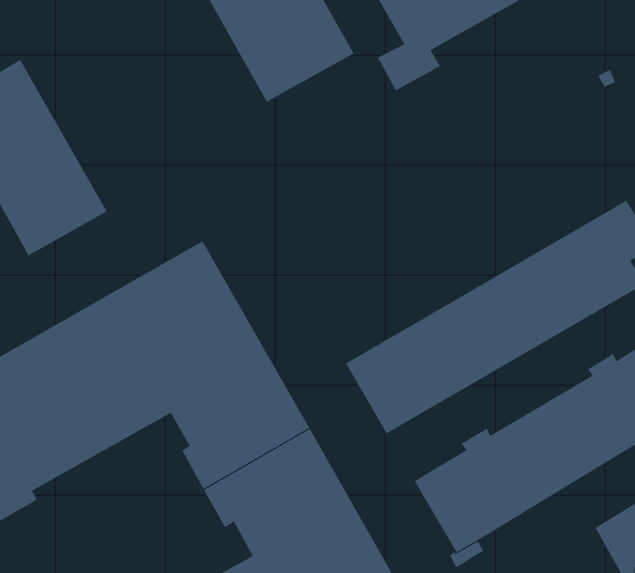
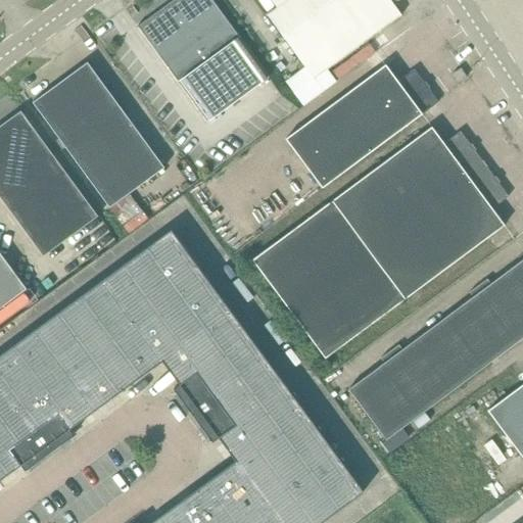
building: none -> [33,62,163,207]
building: none -> [285,64,438,188]
building: none -> [251,127,484,310]

